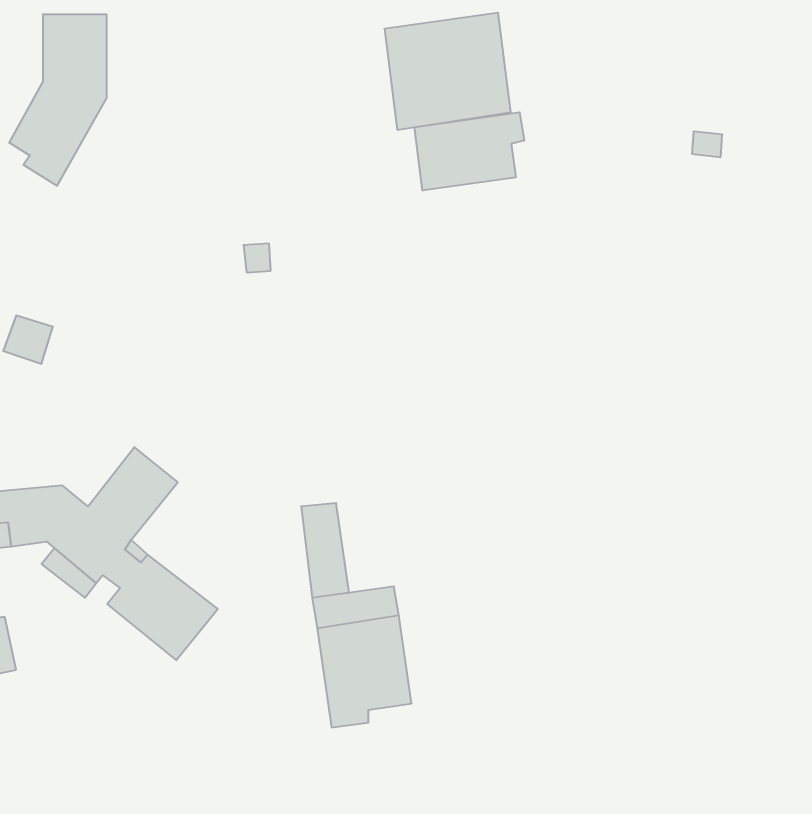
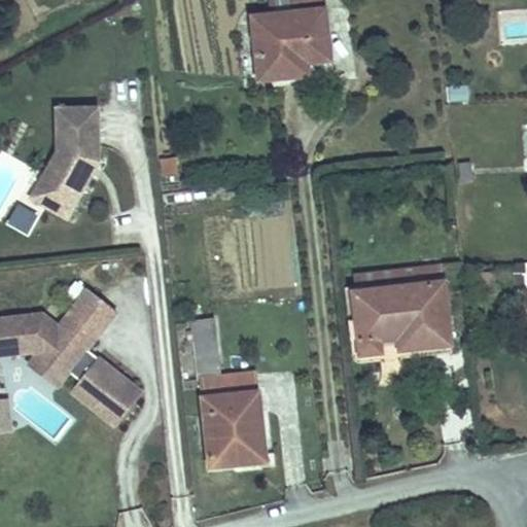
building: [9,14,107,186] -> [34,106,97,216]
building: [415,112,524,191] -> none
building: none -> [358,259,457,356]

